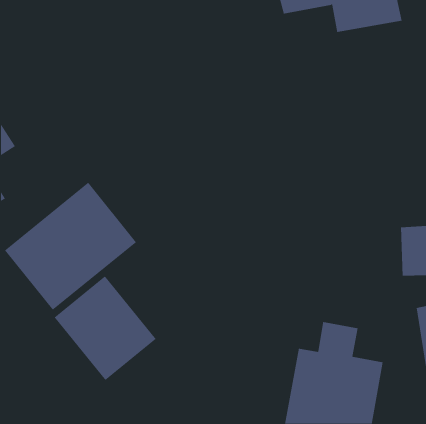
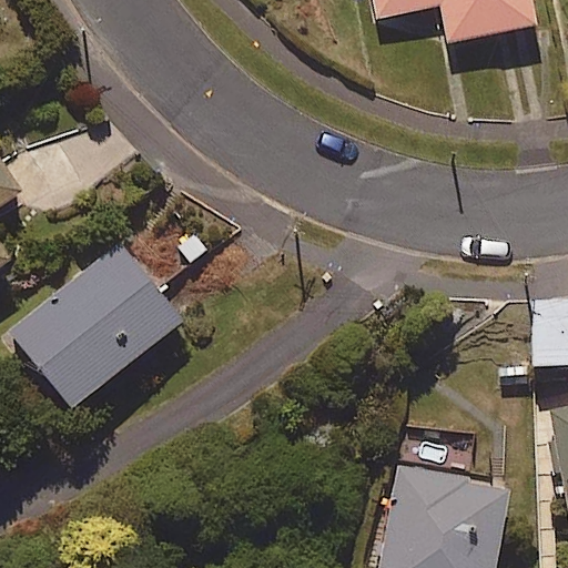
building: [54,275,157,381] -> none

